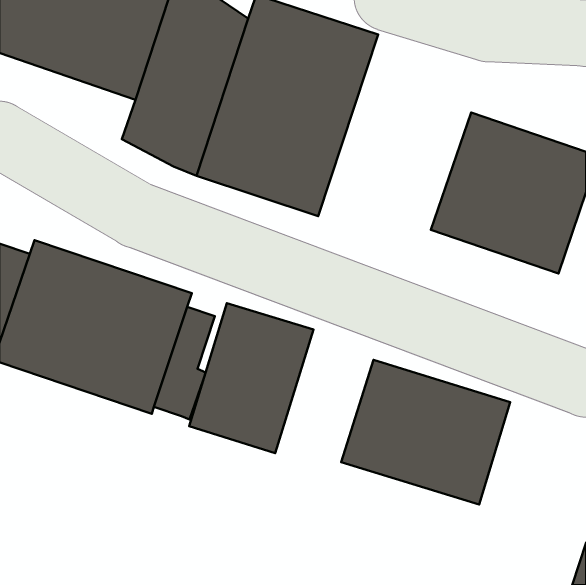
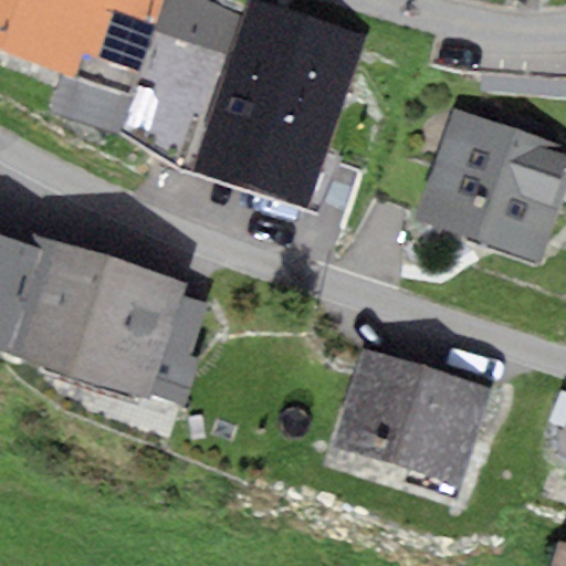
building: [189,303,313,453] -> none

